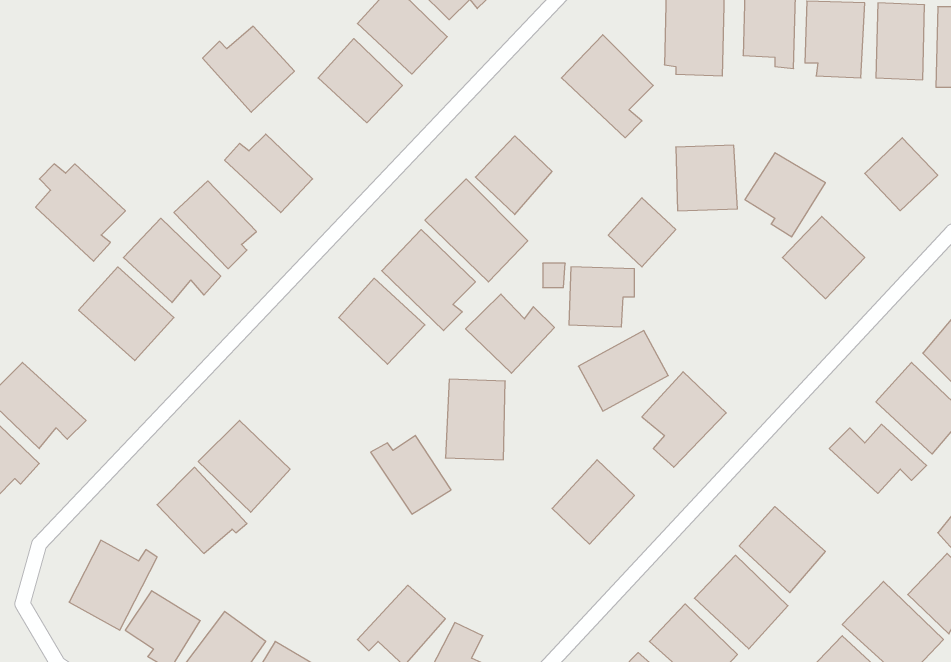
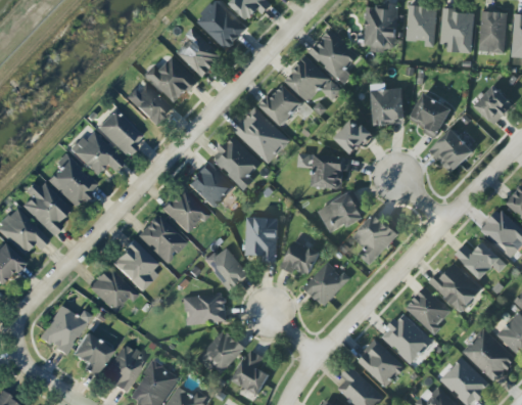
building: [203,26,294,112] -> [145,56,195,103]
building: none -> [283,56,341,102]
building: [36,164,125,261] -> [20,182,69,235]
building: [466,294,554,373] -> none
building: none -> [160,188,208,232]
building: none -> [135,214,185,263]
building: none -> [279,239,320,275]
building: none -> [429,263,482,312]
building: none -> [183,294,226,324]

